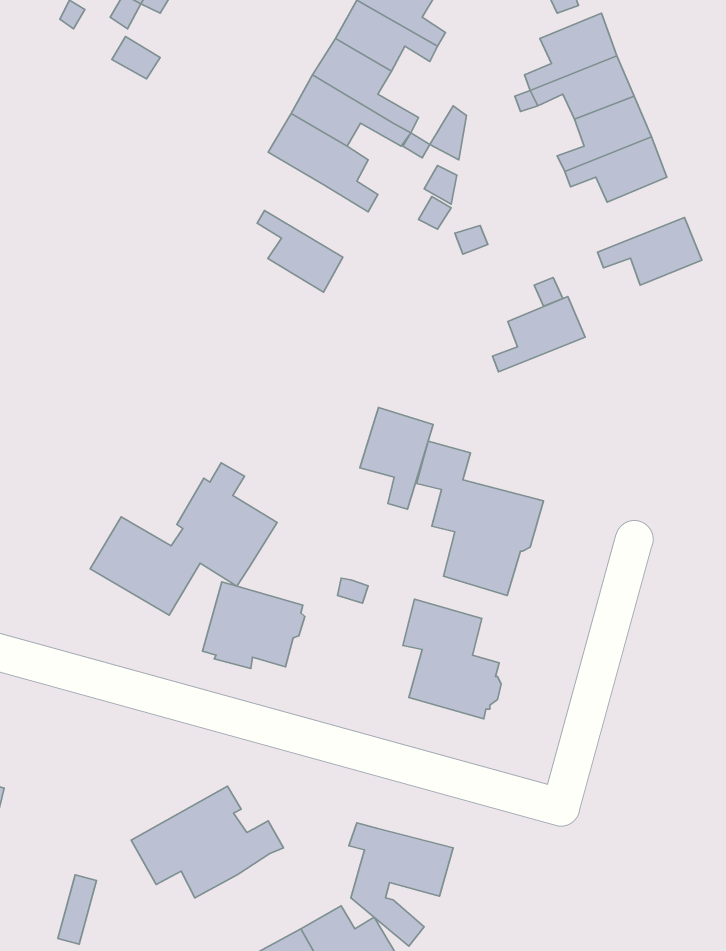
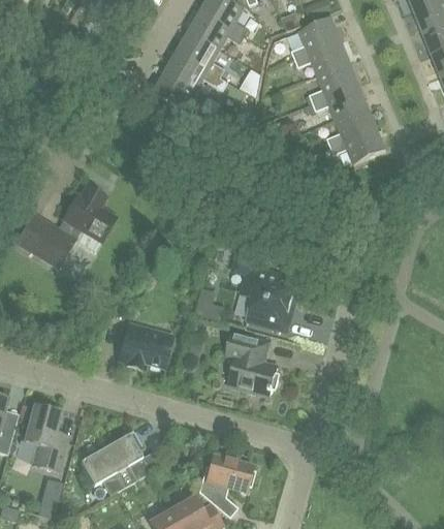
building: [257,210,343,292] -> none
building: [493,297,585,372] -> [326,104,376,145]
building: [360,407,433,509] -> none
building: [90,463,277,615] -> [15,184,116,266]
building: none -> [24,404,67,469]

